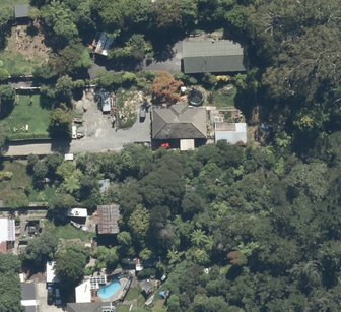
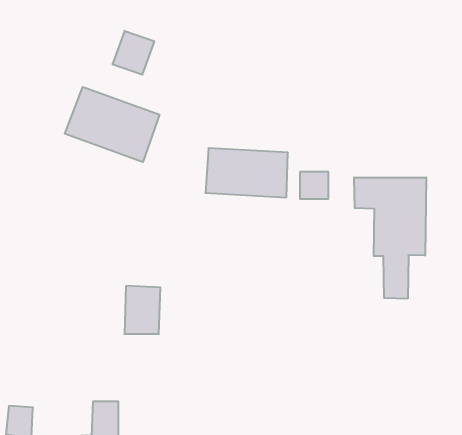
building: [183,36,242,71] -> none
building: none -> [65,87,159,162]
building: none -> [354,177,426,299]

